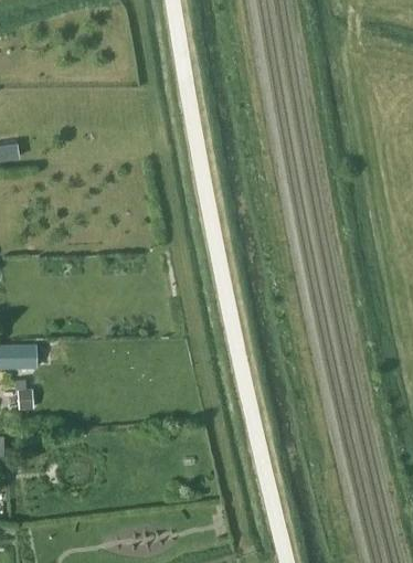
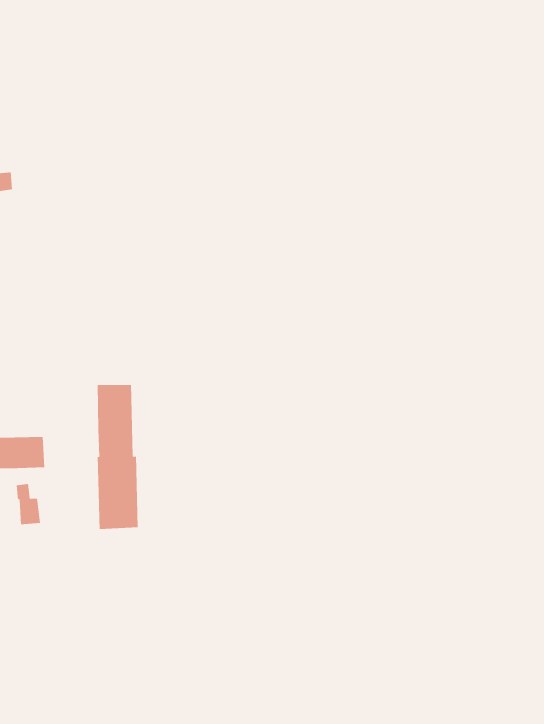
building: none -> [97,384,138,530]

